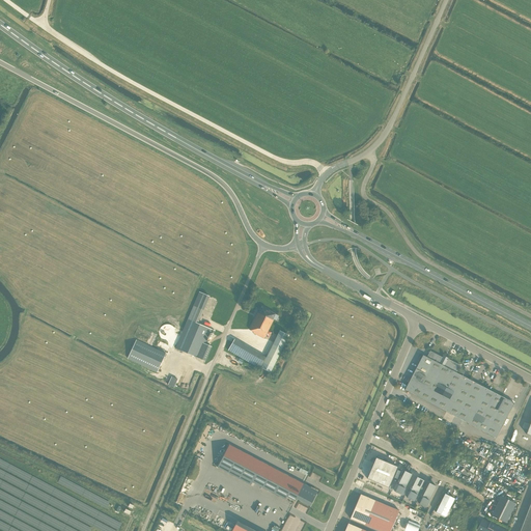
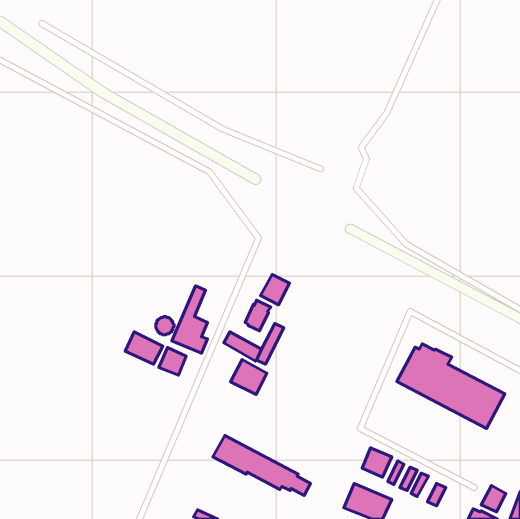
building: none -> [261,274,290,305]
building: none -> [159,348,186,375]
building: none -> [231,360,267,395]

